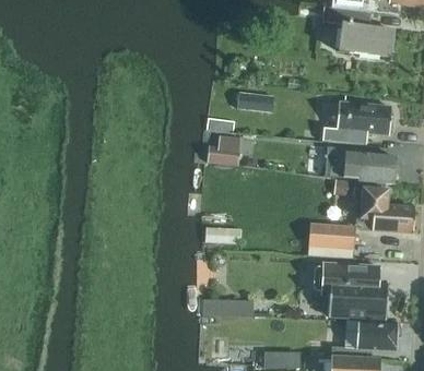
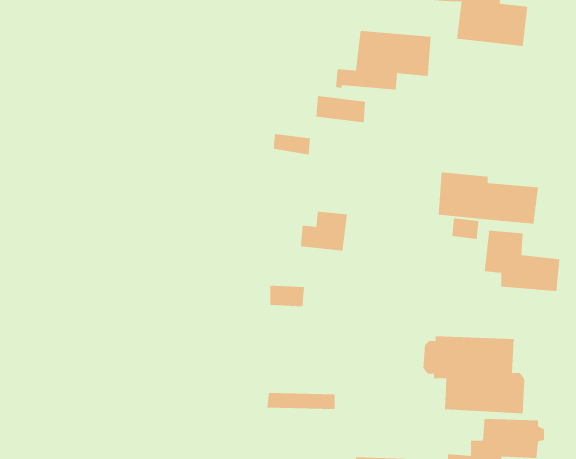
building: [321,100,390,143] -> [335,30,432,90]
building: [207,134,240,163] -> [300,211,348,251]
building: [309,223,354,248] -> none

